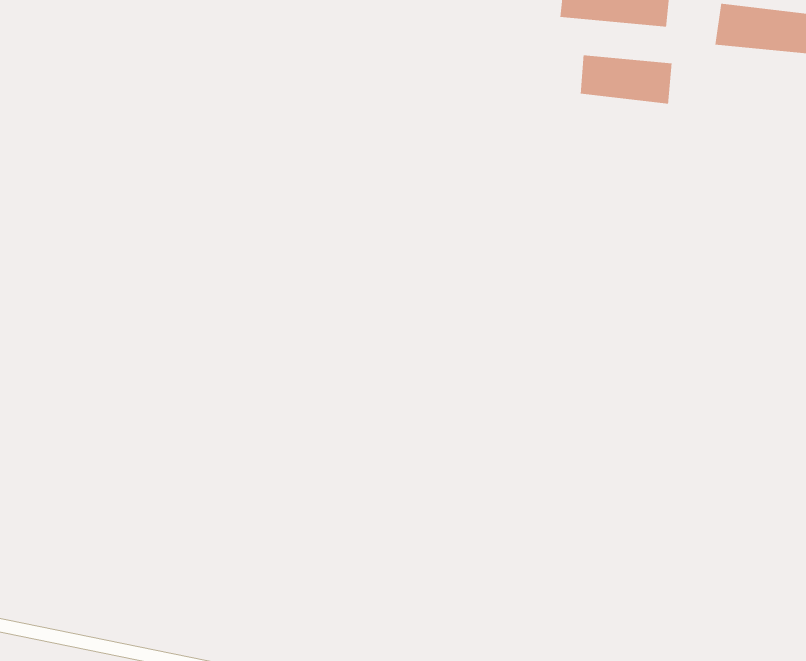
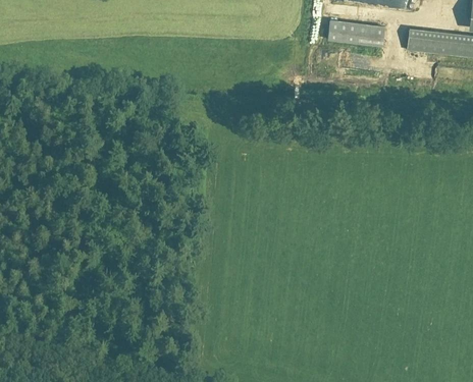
building: [580,54,672,104] -> none

